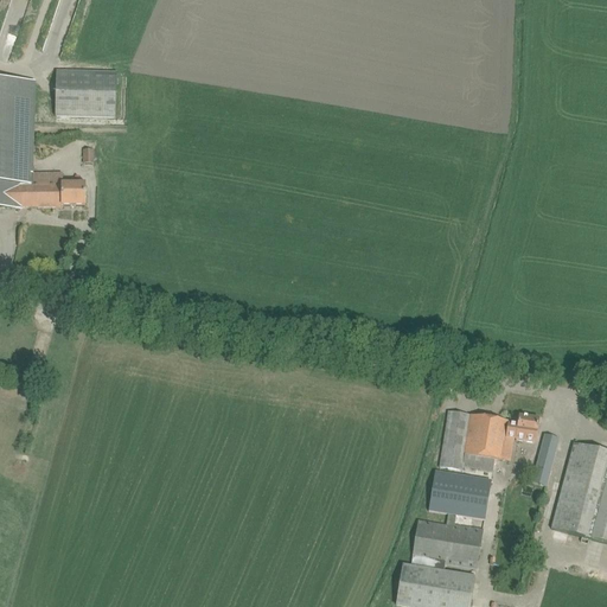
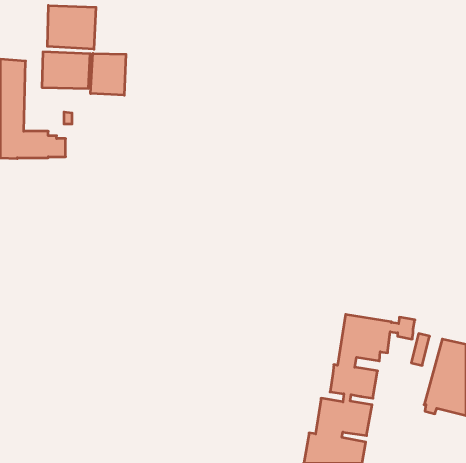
building: none -> [47,5,96,49]
building: none -> [91,53,126,95]

